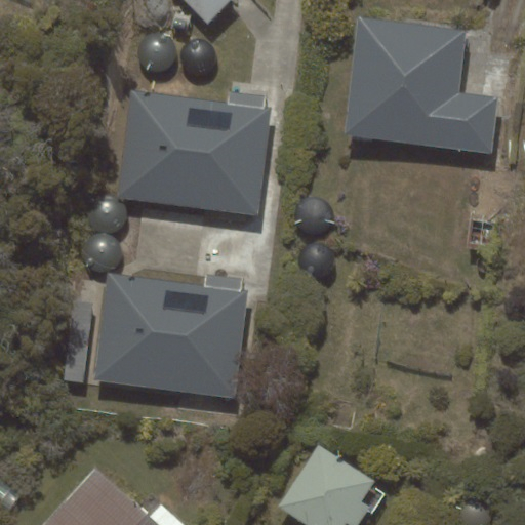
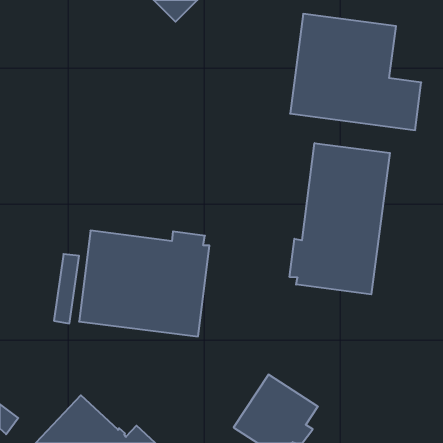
building: [117,90,271,215] -> none
building: none -> [290,143,390,294]

